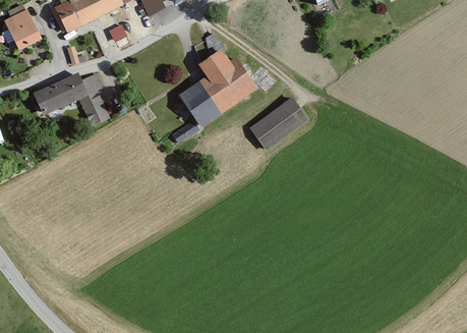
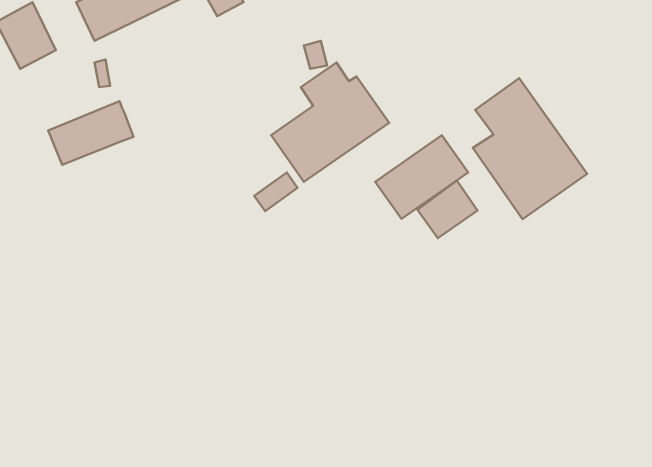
building: none -> [473,78,587,219]
building: [83,73,110,124] -> none
building: none -> [418,180,477,238]

